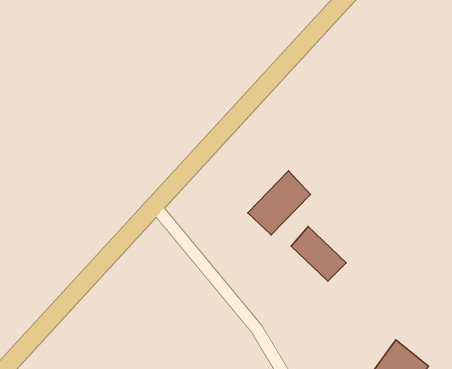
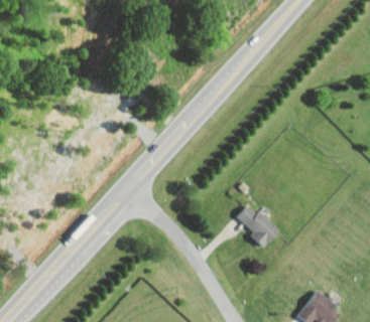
building: [248,171,311,235] -> none

